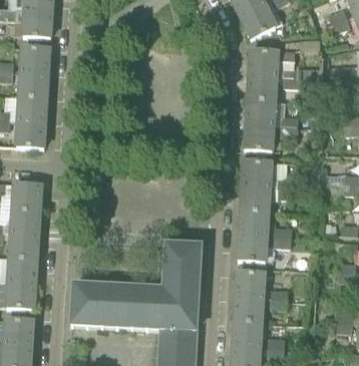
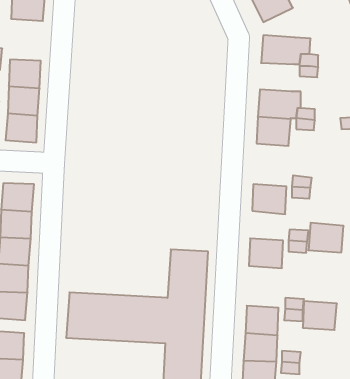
building: [20,46,50,72] -> none
building: [248,74,279,100] -> none
building: [242,159,274,187] -> none
building: [239,209,271,236] -> [308,223,344,252]
building: [236,271,267,297] -> [303,301,337,330]

